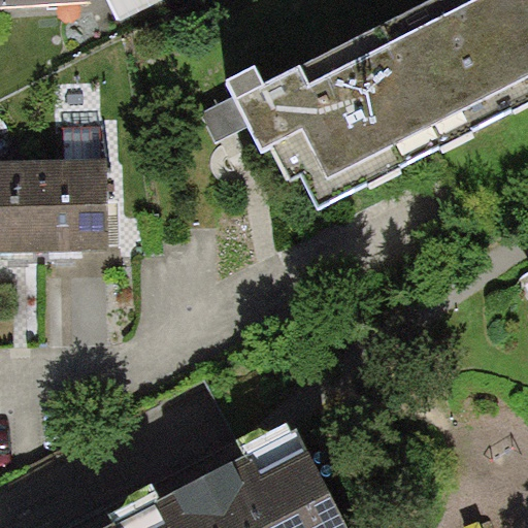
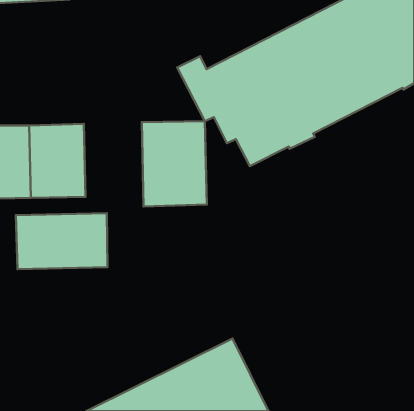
building: none -> [142,121,207,206]
building: none -> [16,213,107,269]

